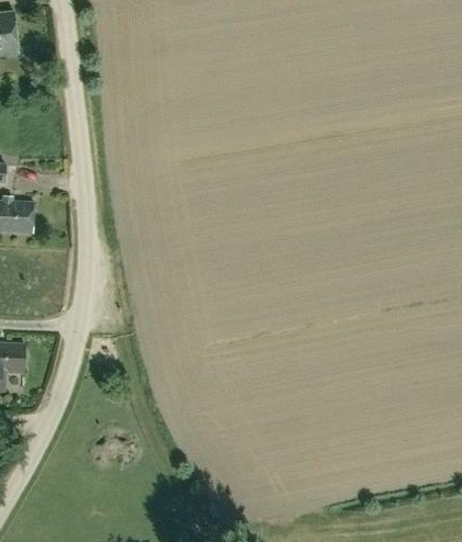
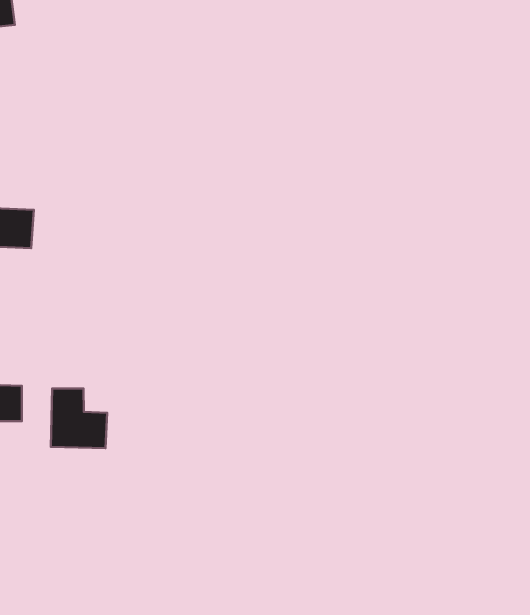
building: none -> [51,389,107,448]

